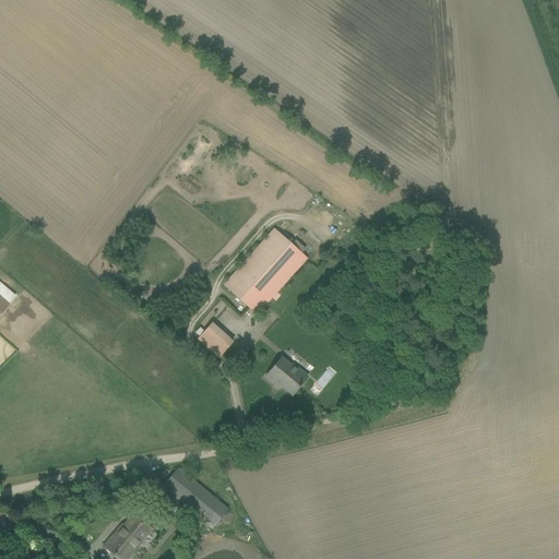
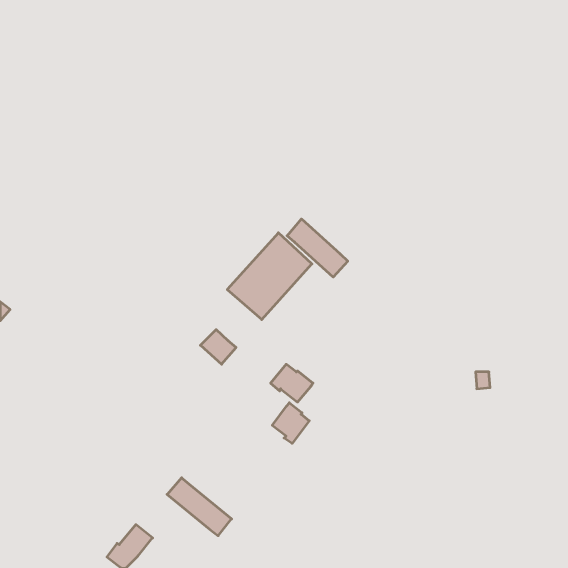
building: none -> [287,219,348,277]
building: none -> [272,403,309,443]

